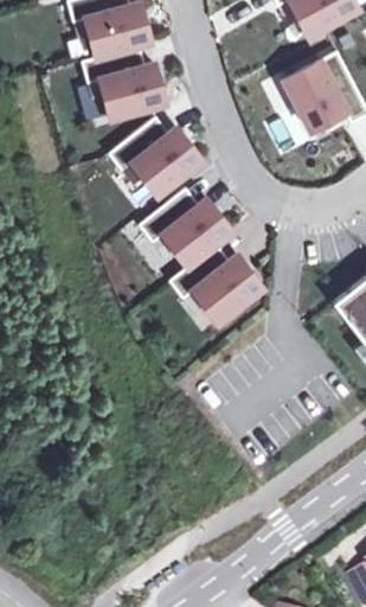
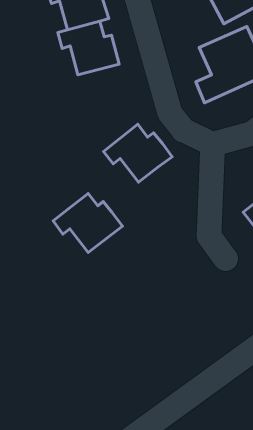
building: [111,113,204,191] -> none
building: [169,241,263,320] -> [53,194,122,253]

